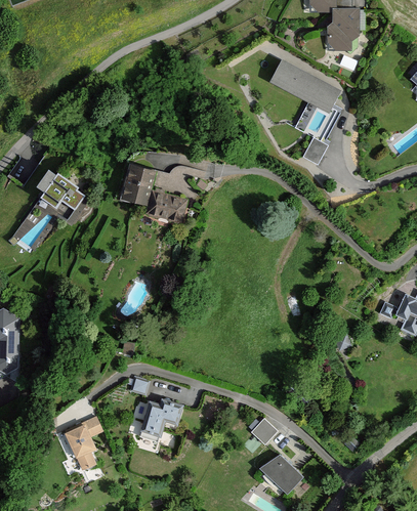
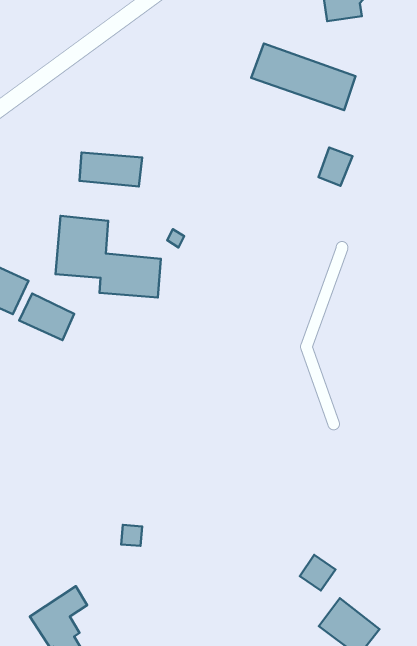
building: none -> [80,152,142,186]
building: none -> [19,294,74,340]
building: [139,398,181,437] -> none

